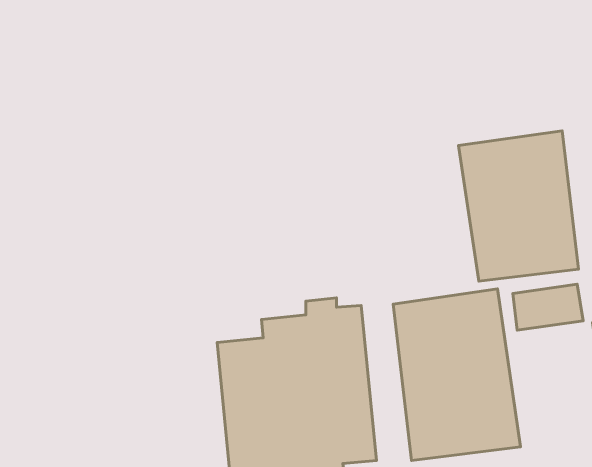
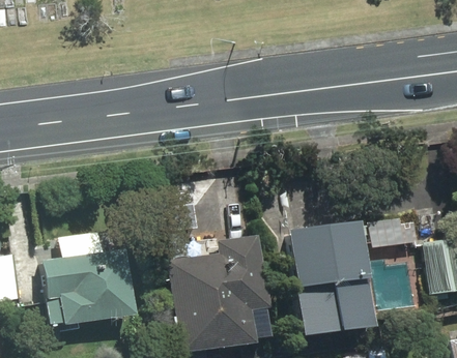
building: [458,131,578,281] -> none
building: none -> [41,234,135,328]

